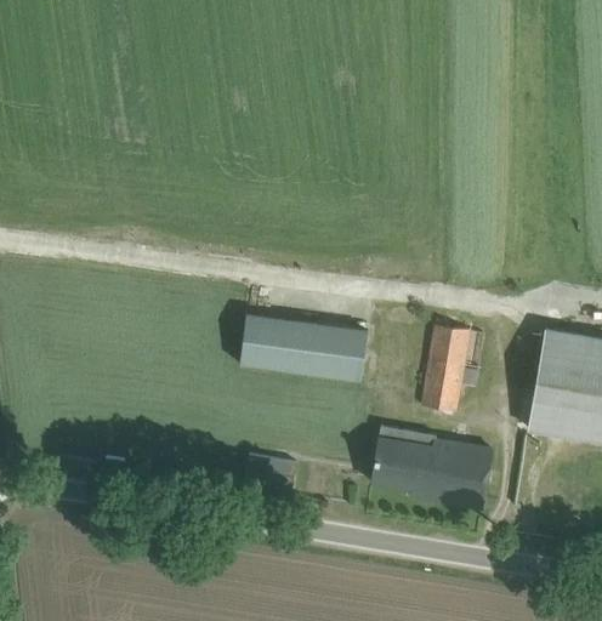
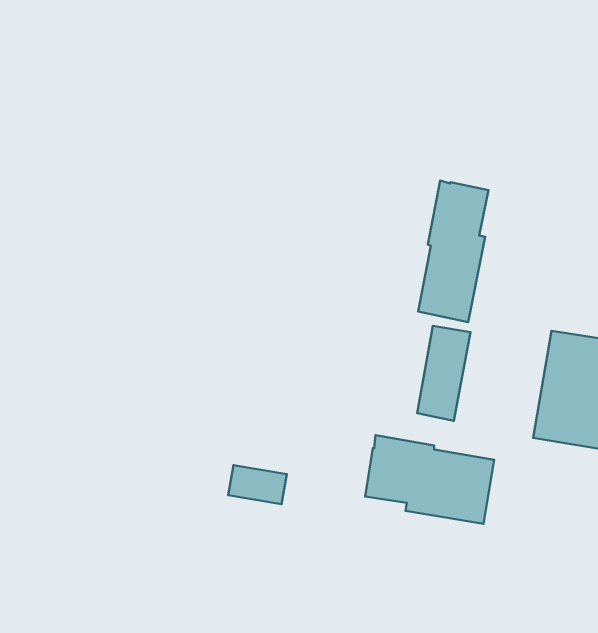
building: none -> [418,180,488,322]
building: [240,314,367,382] -> none

